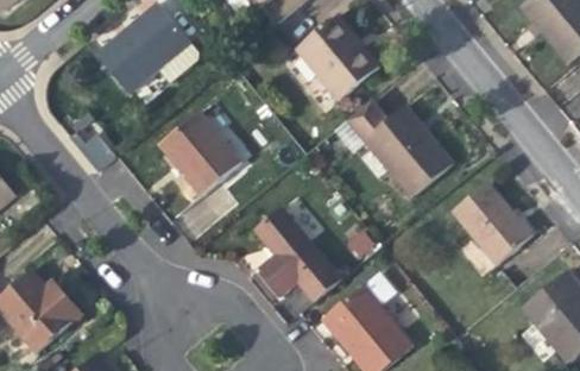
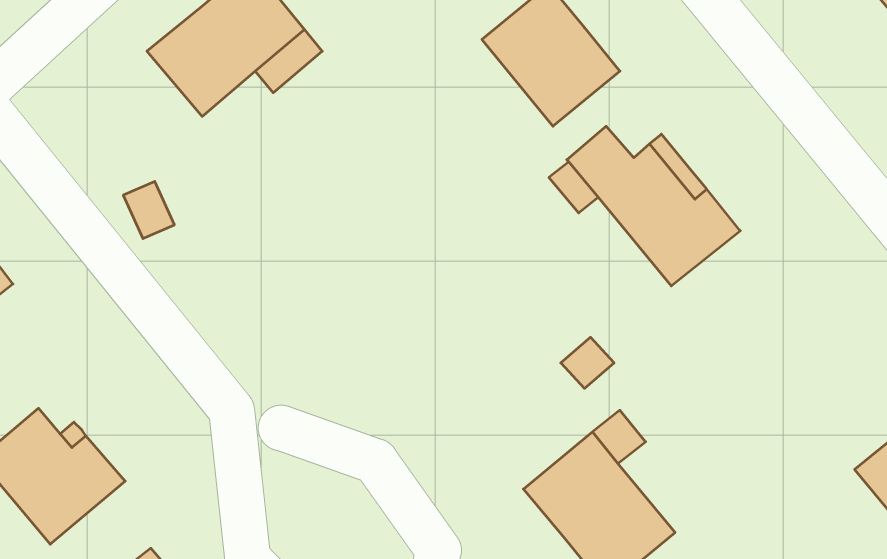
building: [159,111,241,195] -> none
building: [453,182,531,264] -> none
building: [253,206,342,302] -> none

